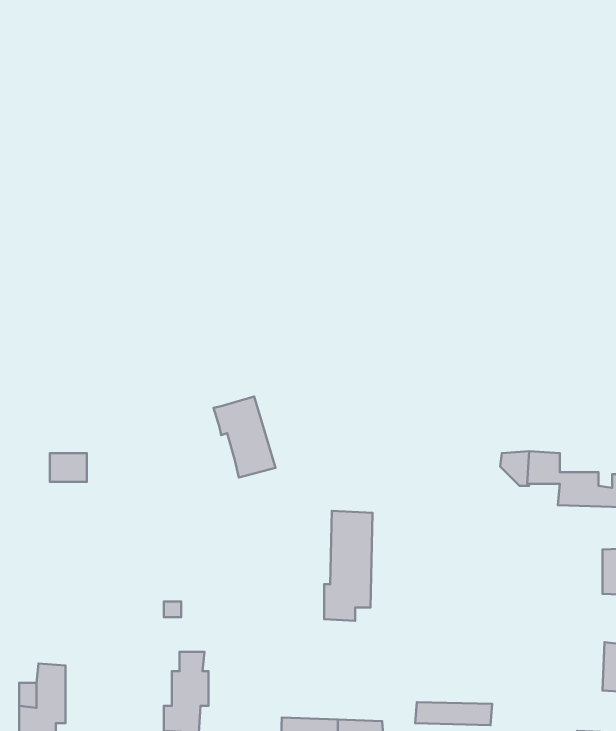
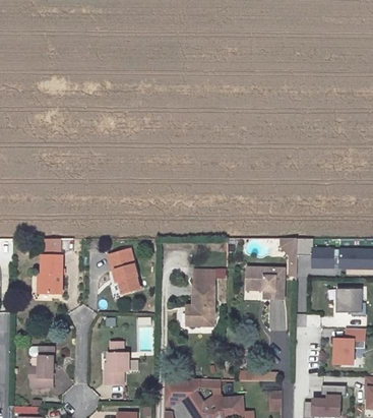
building: [214,396,275,477] -> [110,251,142,294]
building: none -> [45,256,65,296]
building: none -> [248,267,285,299]

